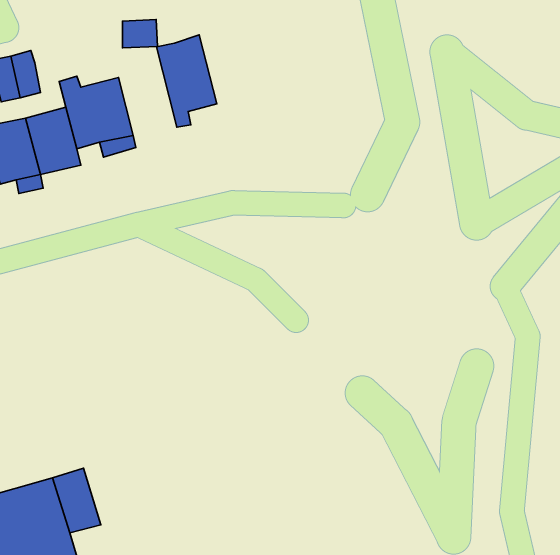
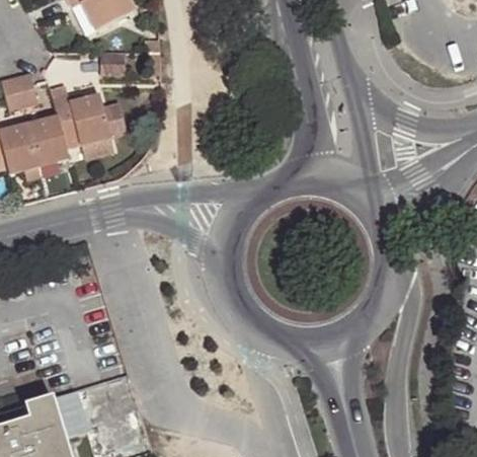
building: [157,35,217,127] -> none

